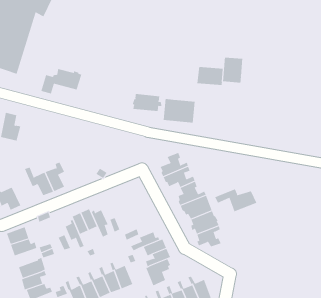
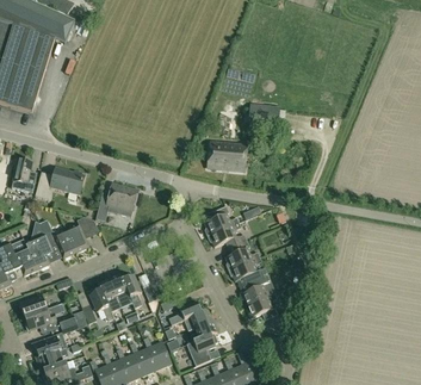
building: [223,57,243,83] -> none
building: [41,68,82,94] -> [35,167,85,198]
building: [132,93,162,112] -> none
building: none -> [95,181,138,219]
building: none -> [25,232,52,268]
building: [215,189,257,212] -> none

